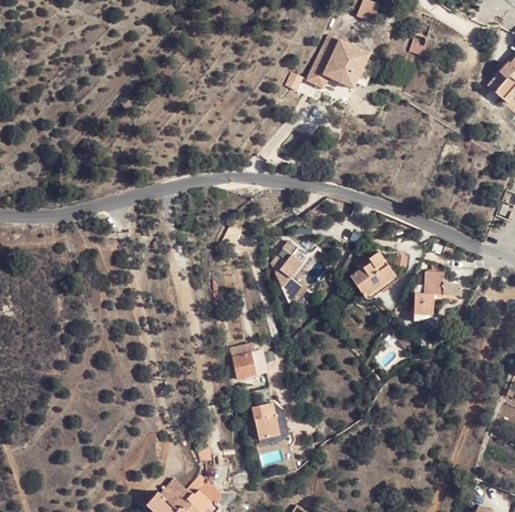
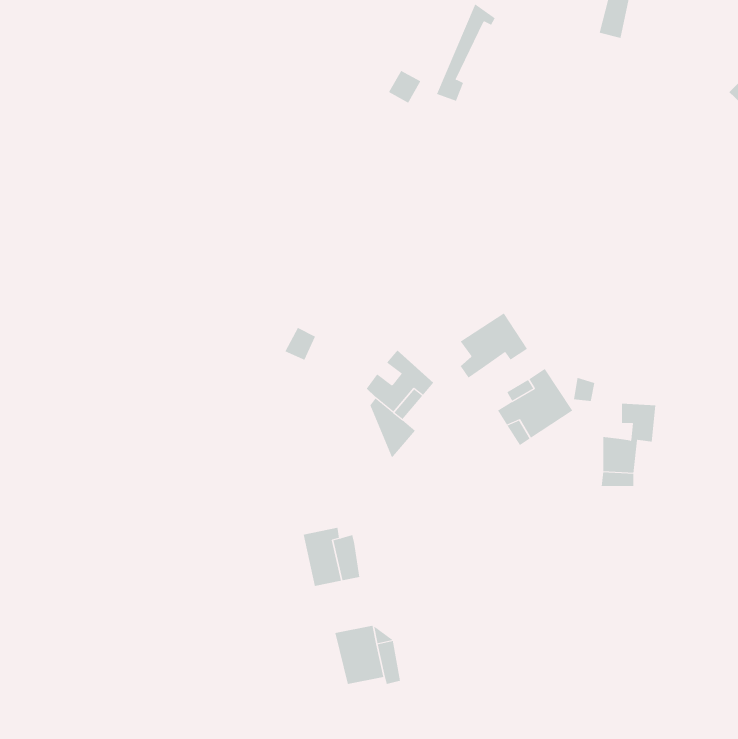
building: [325,42,371,90] -> none
building: none -> [460,312,528,378]

